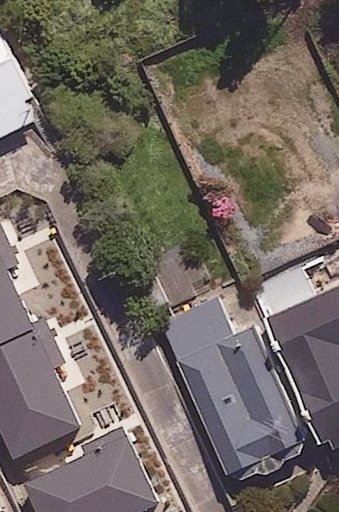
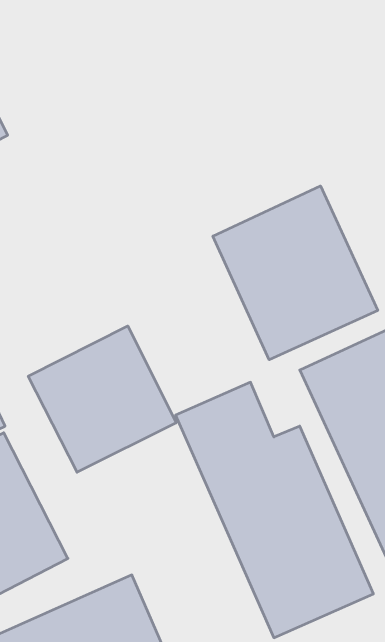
building: none -> [213,186,378,360]
building: none -> [28,326,176,472]

